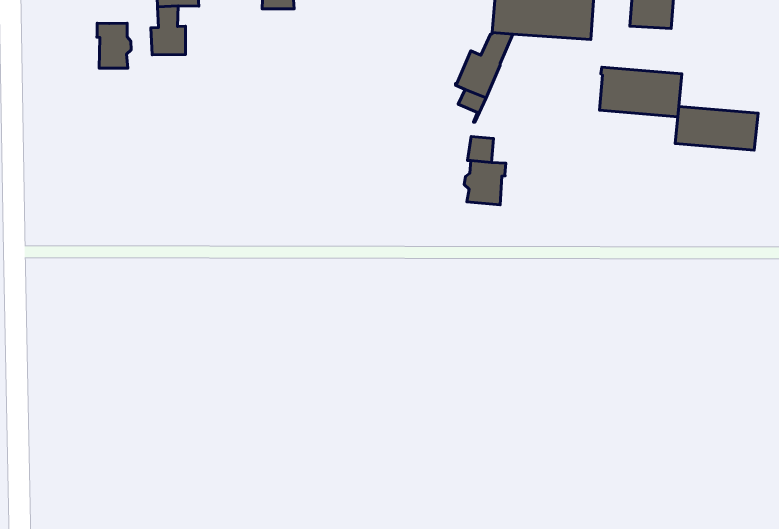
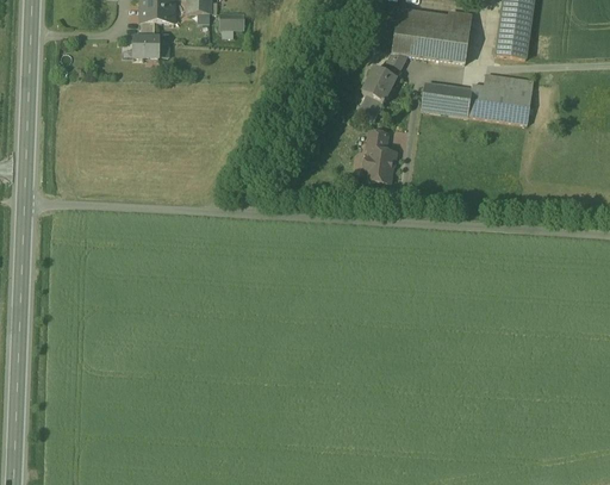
building: [97,23,131,68] -> none
building: none -> [422,83,473,117]
building: [675,106,758,150] -> none

